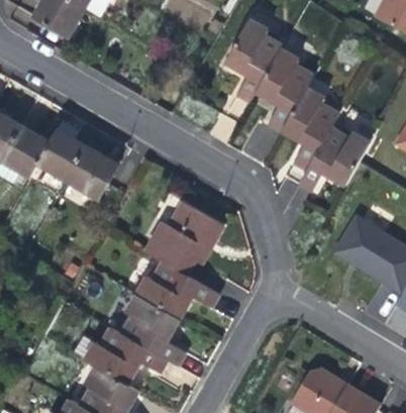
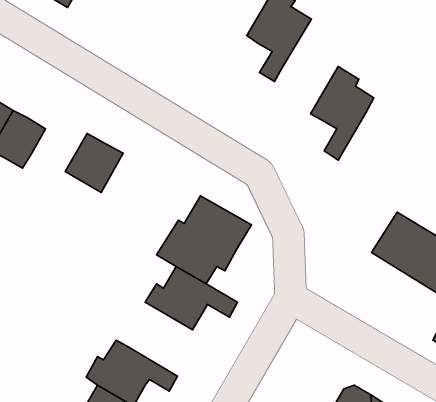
building: [255,49,310,130] -> none
building: [296,116,378,192] -> none
building: [36,121,85,180] -> none
building: [121,294,183,366] -> none

